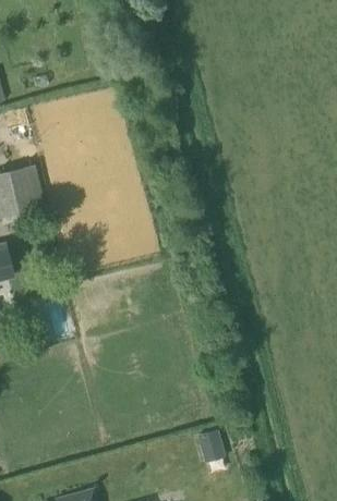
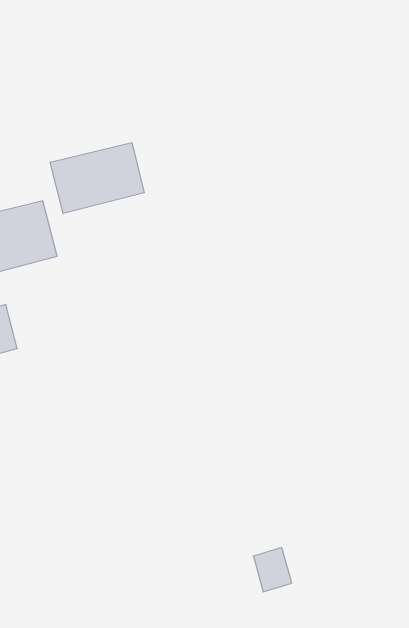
building: none -> [50,143,144,214]

